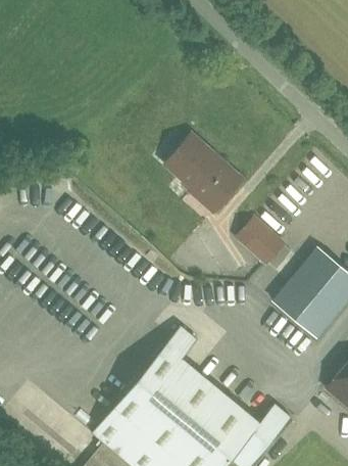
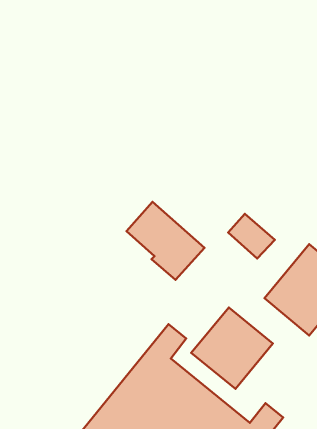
building: [166,135,243,212] -> [126,202,205,280]
building: none -> [191,308,273,389]

